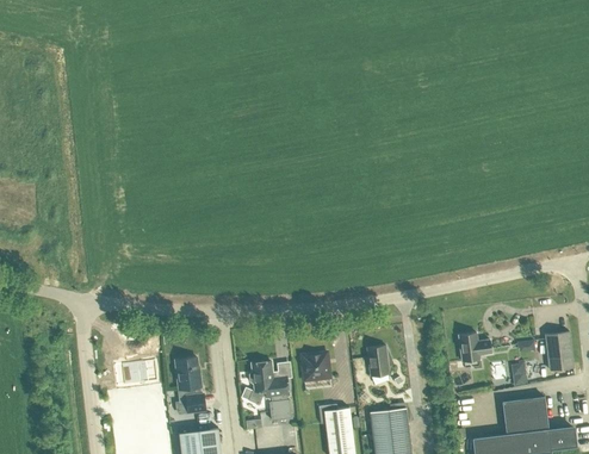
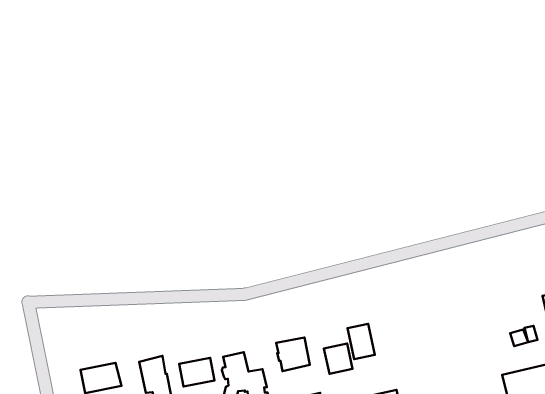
building: [458,334,491,361] -> none
building: none -> [324,344,353,374]
building: none -> [179,358,215,387]

